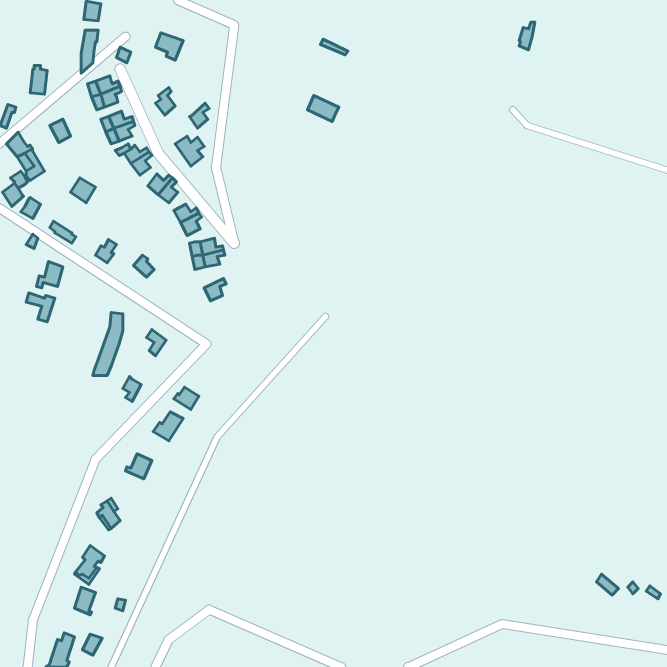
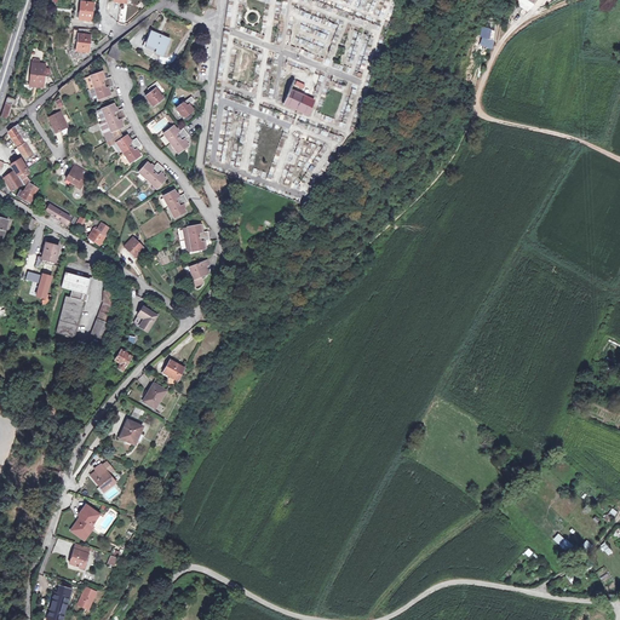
building: none -> [54,271,92,338]

